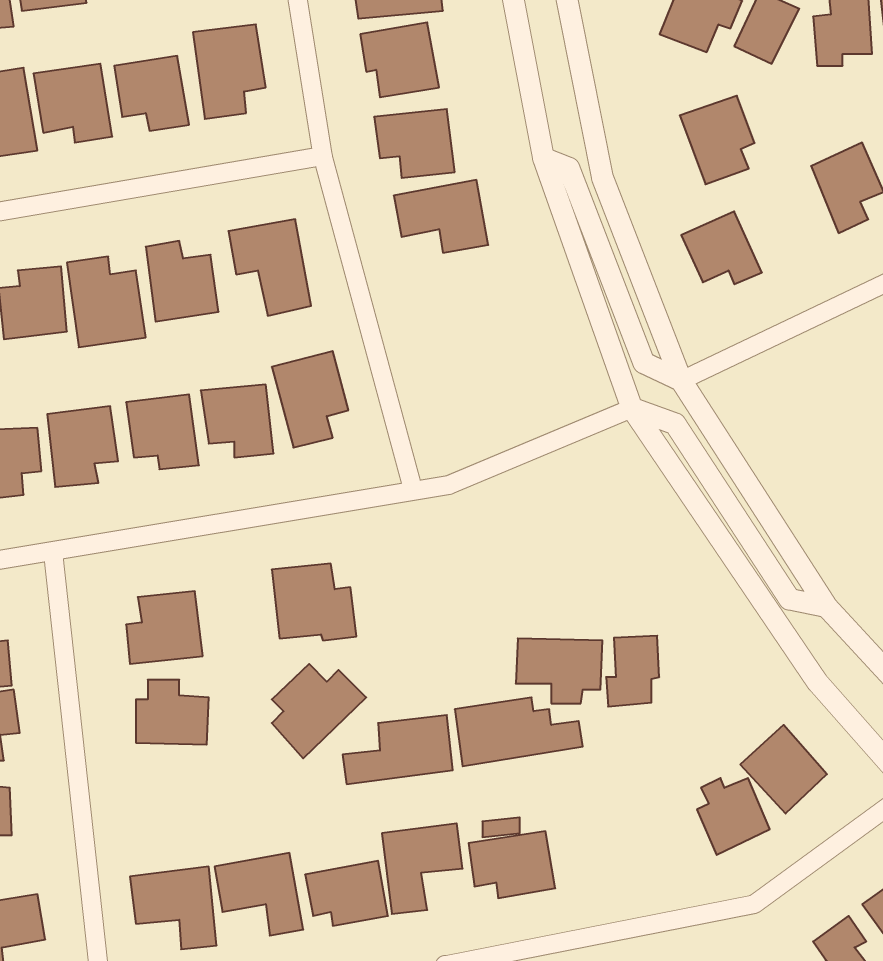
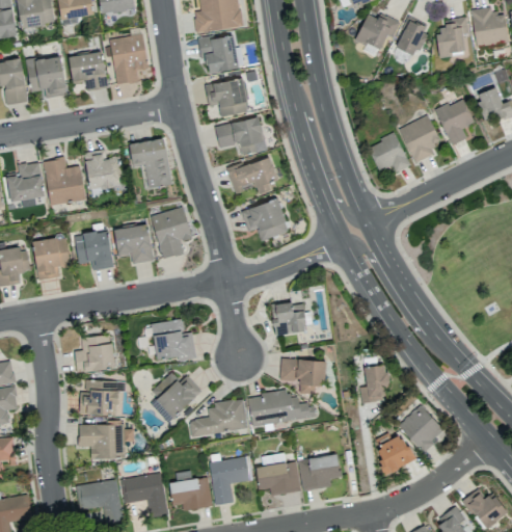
building: [680,96,755,184] -> [400,116,439,163]
building: none -> [227,157,277,194]
building: none -> [241,198,289,241]
building: none -> [272,301,307,336]
building: [606,636,659,707] -> [360,366,388,403]
building: none -> [79,424,134,459]
building: none -> [299,455,341,490]

